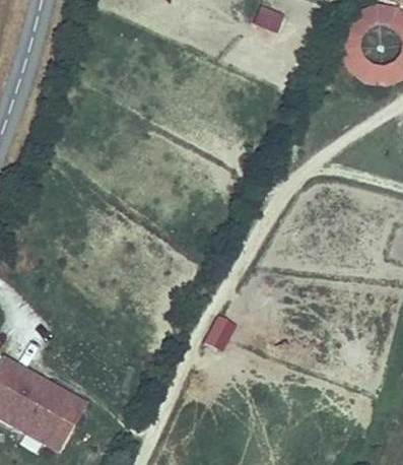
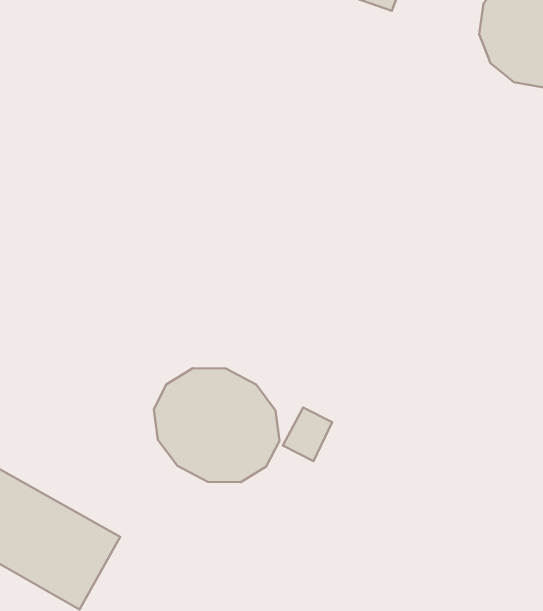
building: none -> [154,368,280,482]

